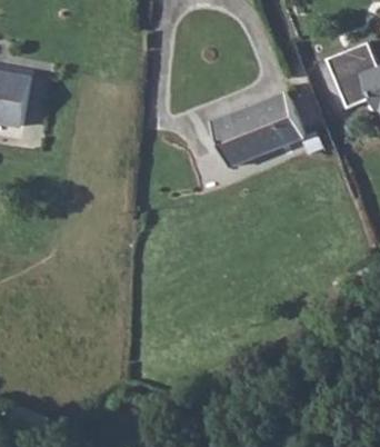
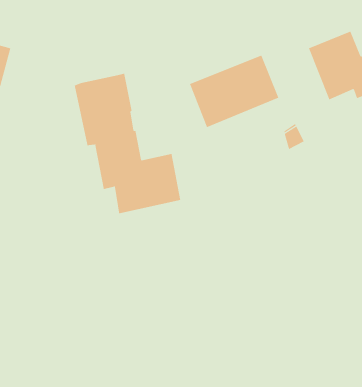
building: none -> [74,73,181,214]

